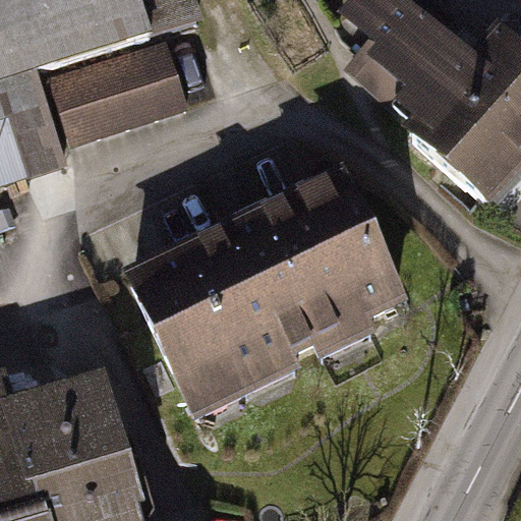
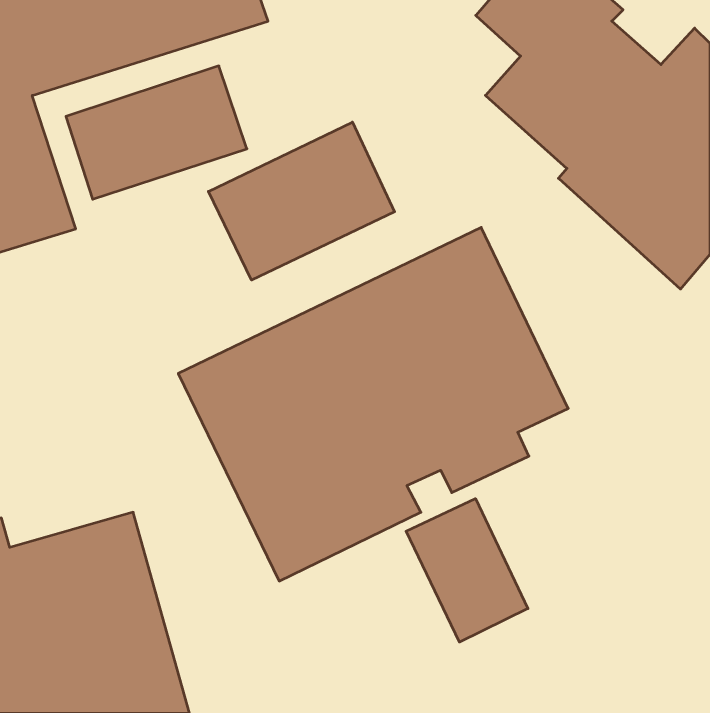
building: none -> [208,122,395,280]
building: none -> [406,499,528,642]

